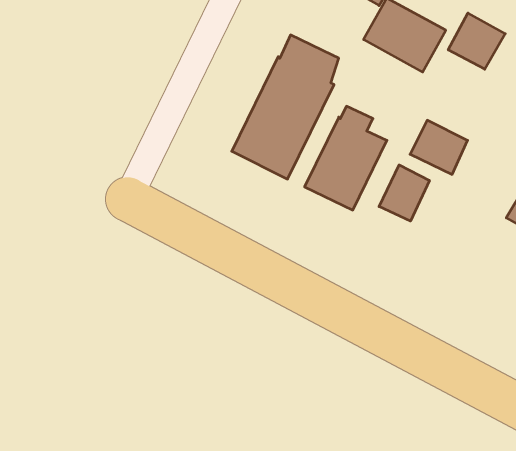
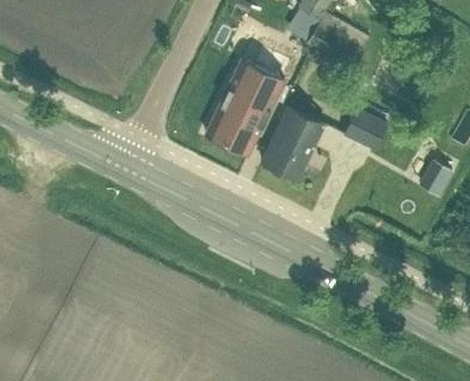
building: [448,13,505,69] -> none
building: [379,165,429,221] -> none

